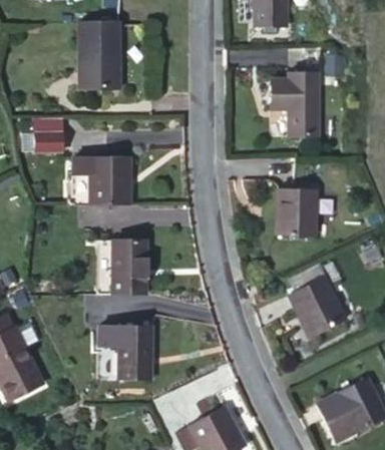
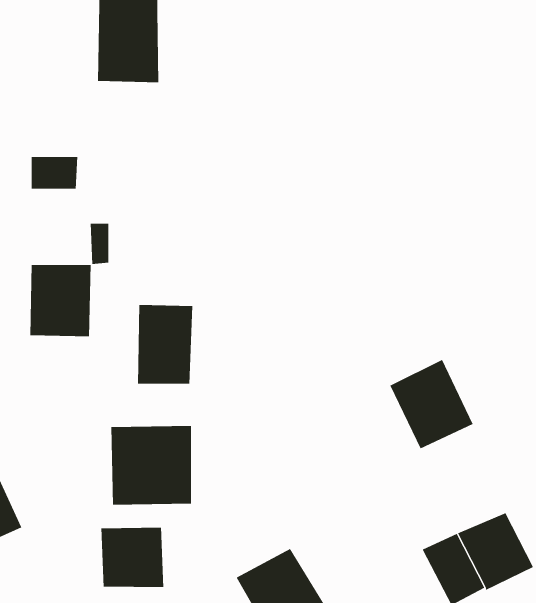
building: [272,75,323,142] -> none
building: [94,156,136,205] -> [29,264,91,337]
building: [277,189,320,241] -> none
building: none -> [101,527,164,588]

